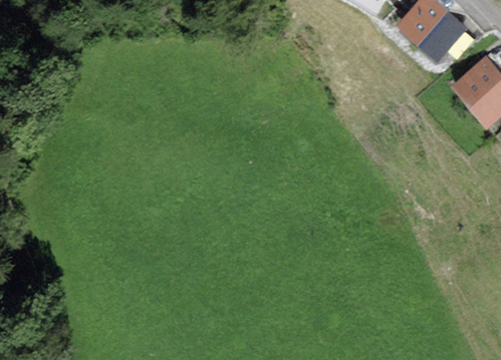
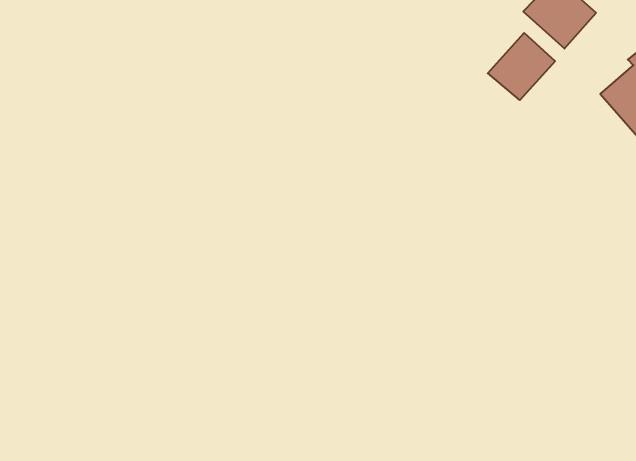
building: none -> [488,33,555,100]

